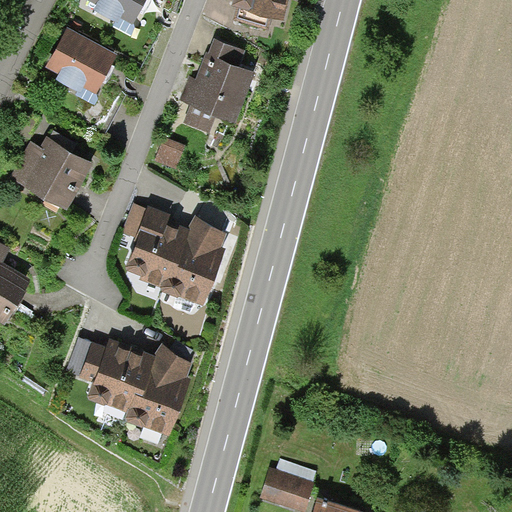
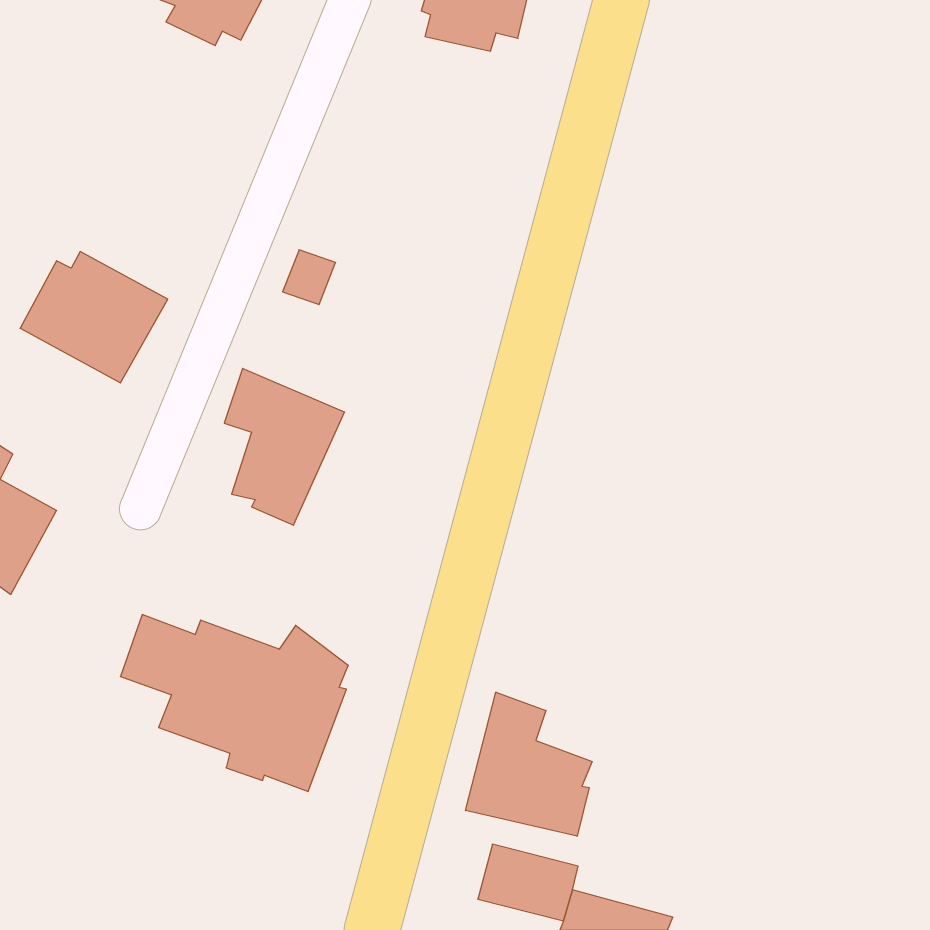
building: [46,30,115,93] -> none
building: [182,38,253,131] -> none
building: [159,216,227,304] -> none
building: none -> [466,692,592,836]

